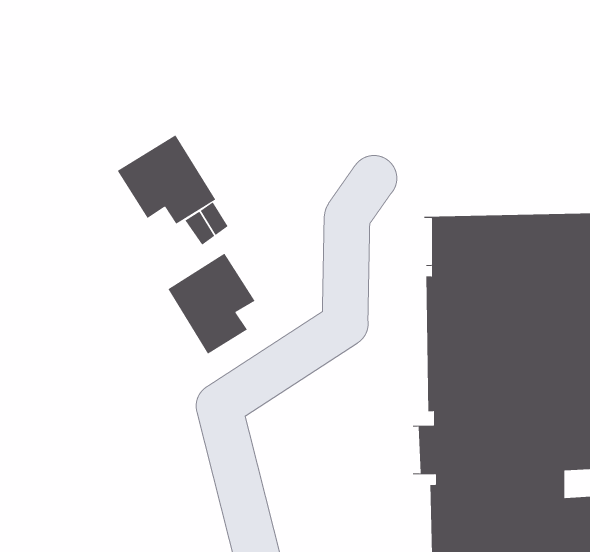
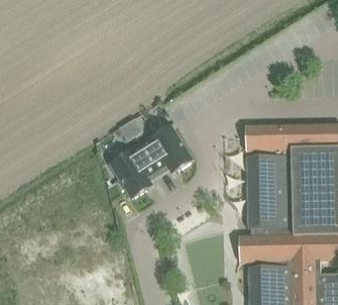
building: [117,135,216,224] -> [140,126,193,174]

